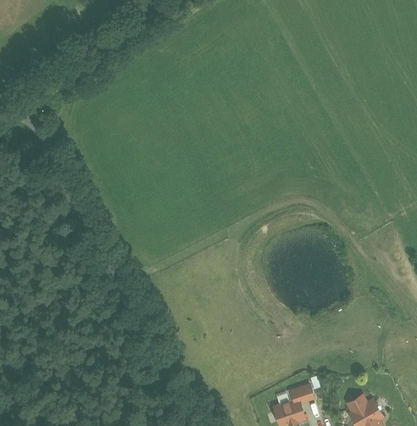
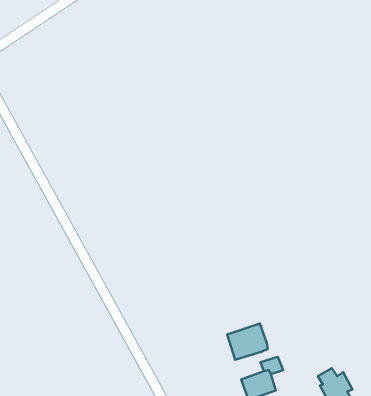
building: none -> [227,323,268,360]

